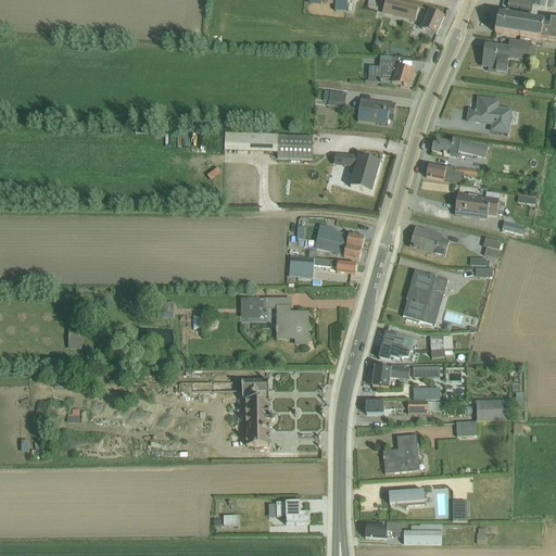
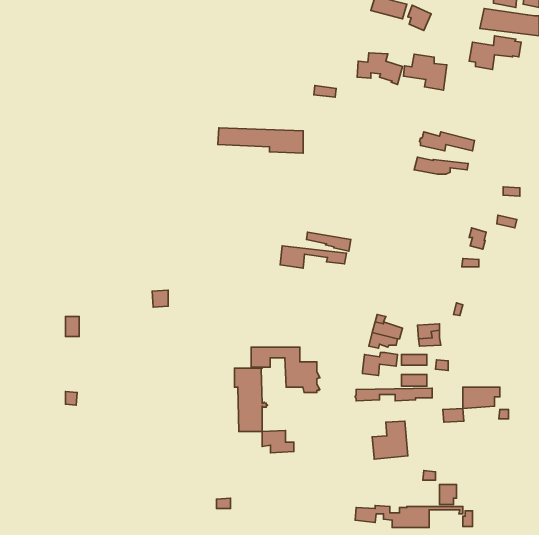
building: [467,96,511,132] -> [403,54,447,90]
building: [357,98,395,121] -> none
building: [331,152,380,191] -> none
building: [454,190,503,217] -> none
building: [316,222,364,247] -> none
building: [410,227,448,255] -> none
building: [403,268,447,320] -> none
building: [240,295,311,342] -> [251,347,320,393]
building: [389,489,424,508] -> none
building: [276,498,308,521] -> [262,431,294,453]

